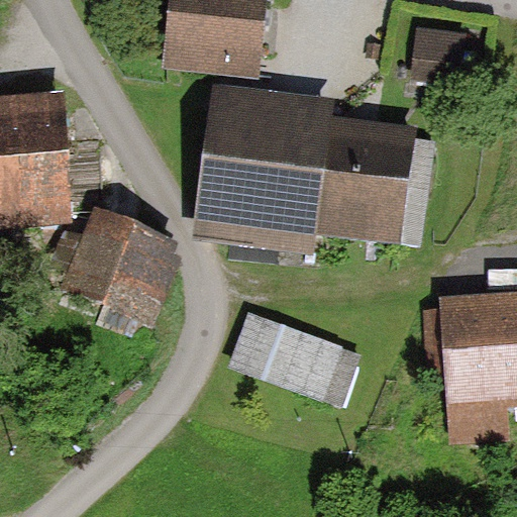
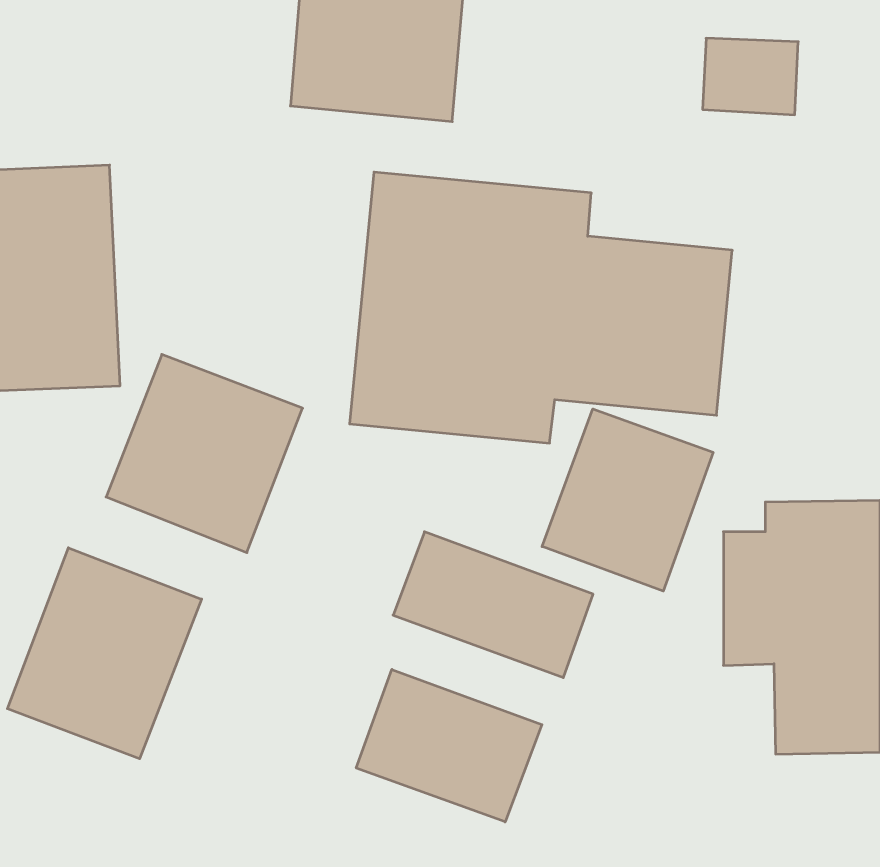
building: none -> [542,409,713,591]
building: none -> [7,548,202,759]
building: none -> [356,669,542,822]

